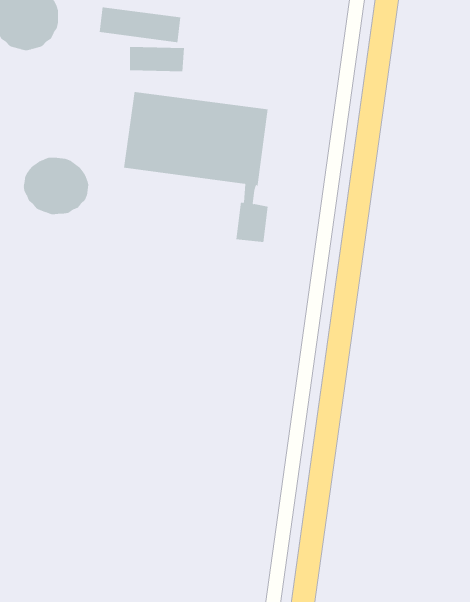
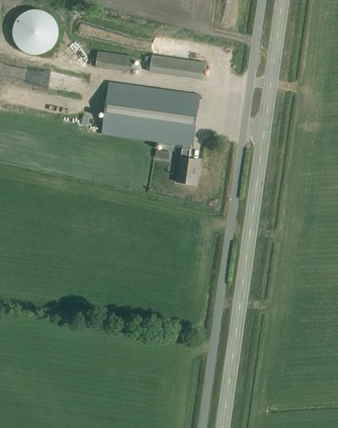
building: [99,7,181,43] -> [150,55,205,79]
building: [23,157,89,215] -> none

